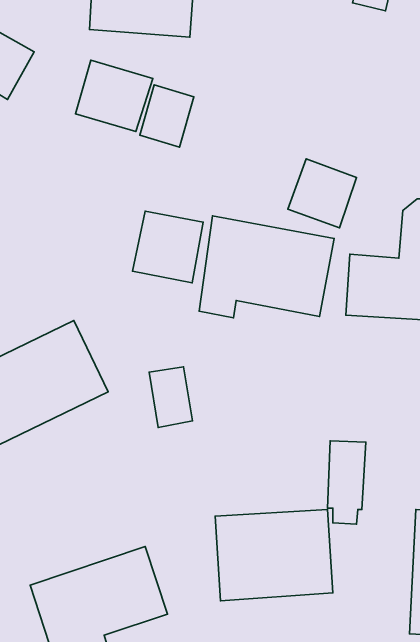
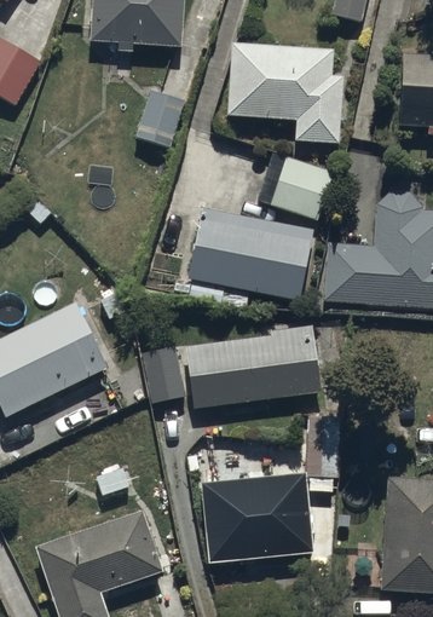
building: none -> [230,42,341,140]
building: [75,60,153,131] -> none
building: [133,211,203,283] -> none
building: none -> [186,324,319,404]

